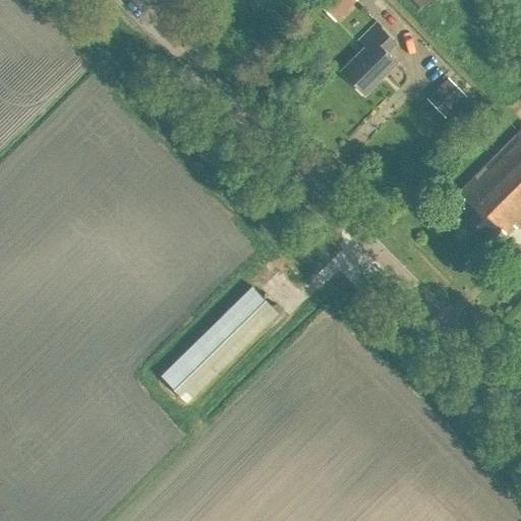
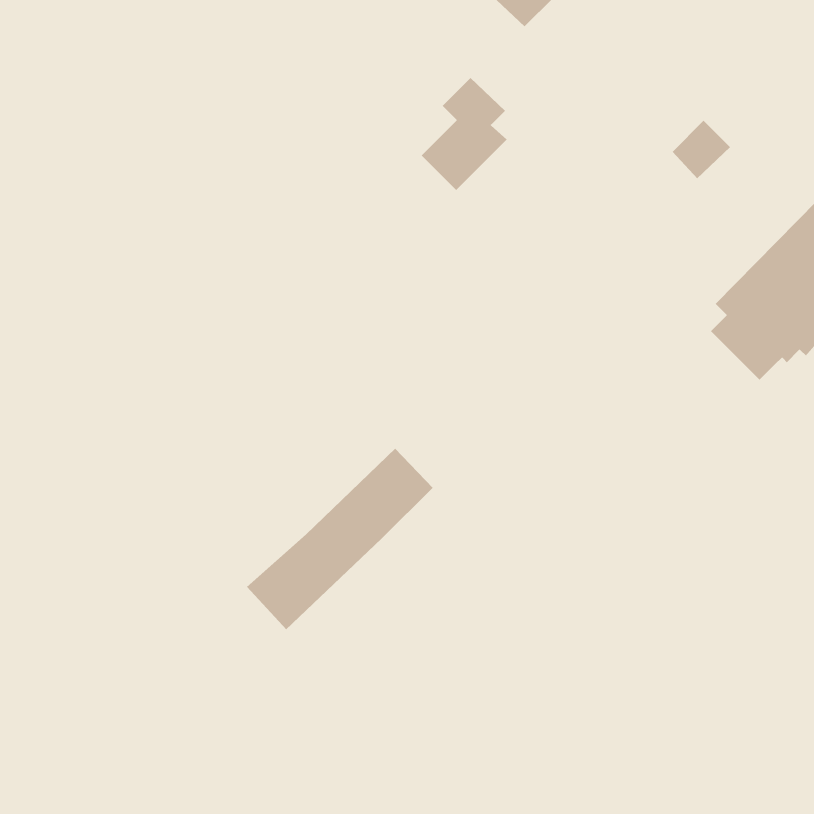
building: [343,19,398,92] -> [421,77,507,191]

